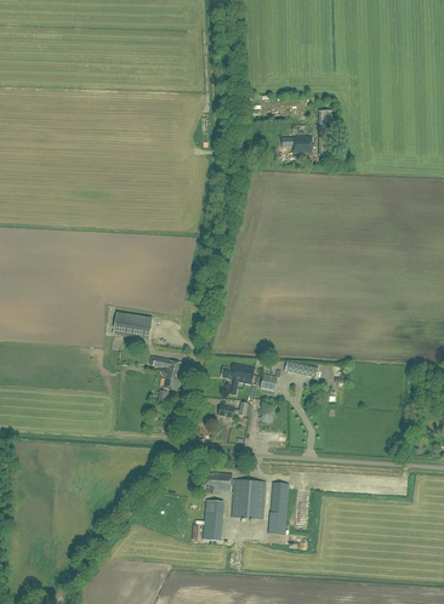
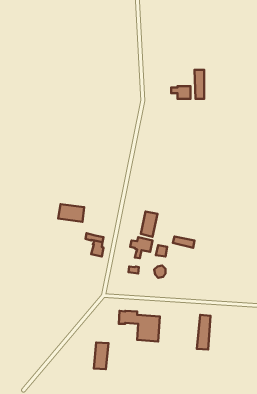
building: none -> [141,212,158,237]
building: [268,482,289,534] -> [197,315,211,350]
building: [203,500,224,540] -> [94,342,108,369]

